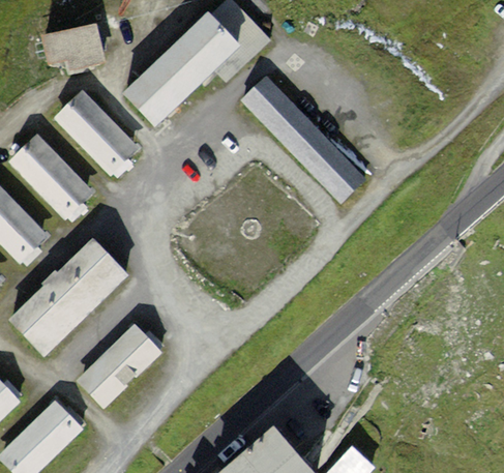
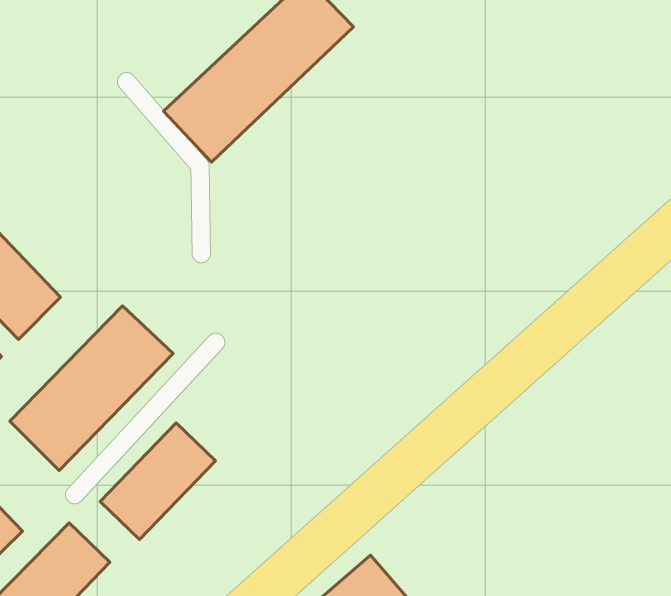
building: [39,19,103,60] -> none
building: [240,75,366,199] -> none
building: [51,91,140,177] -> none
building: [9,135,90,214] -> none

